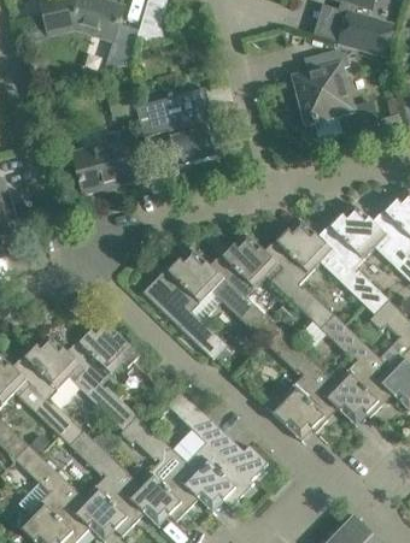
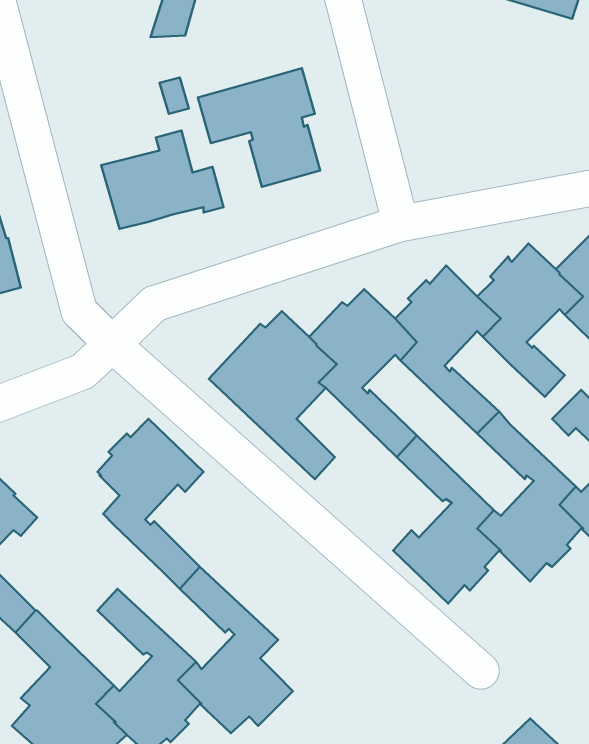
building: [297,51,377,131] -> none
building: [14,335,84,445] -> none
building: [168,391,268,512] -> none

